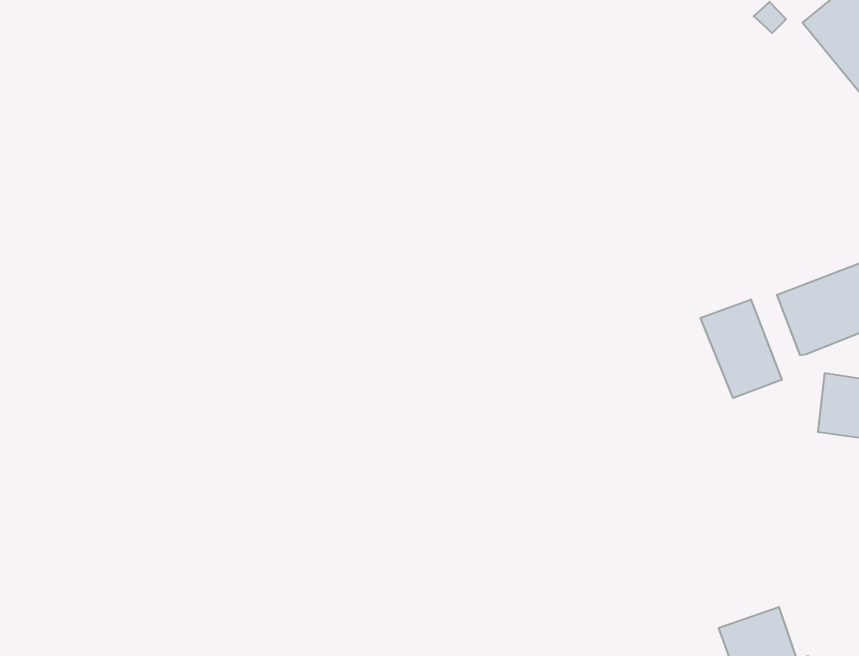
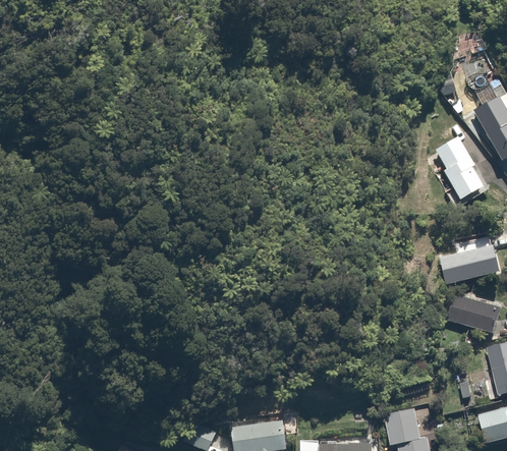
building: none -> [425,137,487,200]
building: [701,299,782,398] -> none

